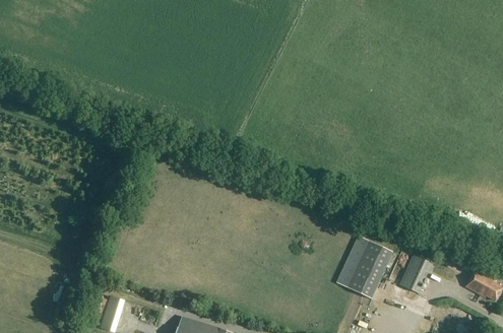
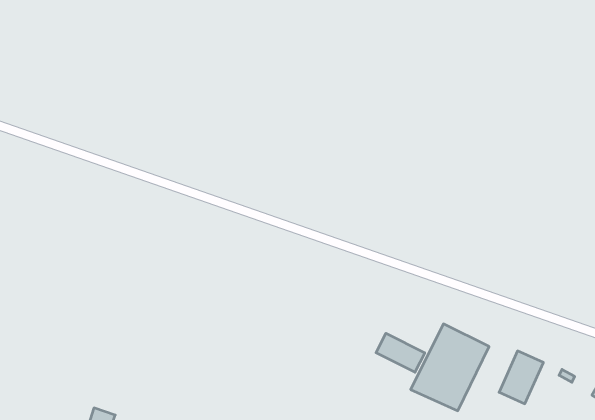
building: none -> [376,333,425,372]

